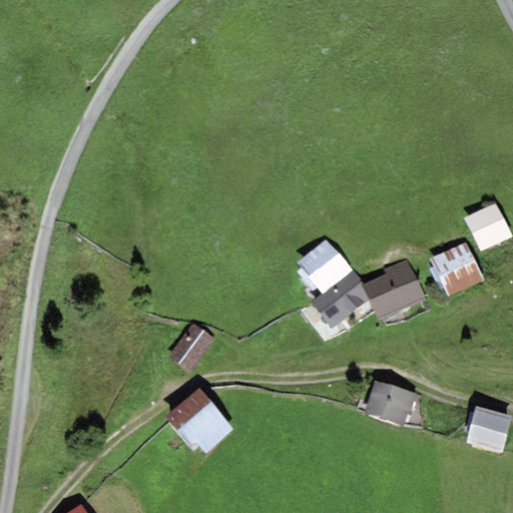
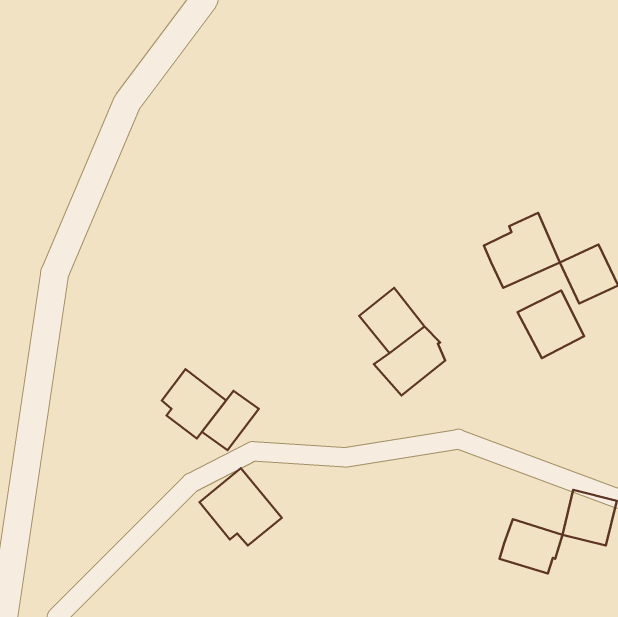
building: [363,258,426,320] -> [484,213,560,288]
building: none -> [162,369,226,438]
building: [364,381,416,426] -> [499,519,562,573]

